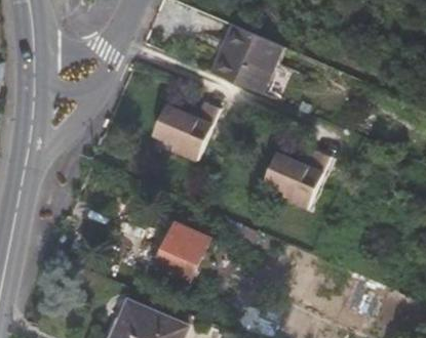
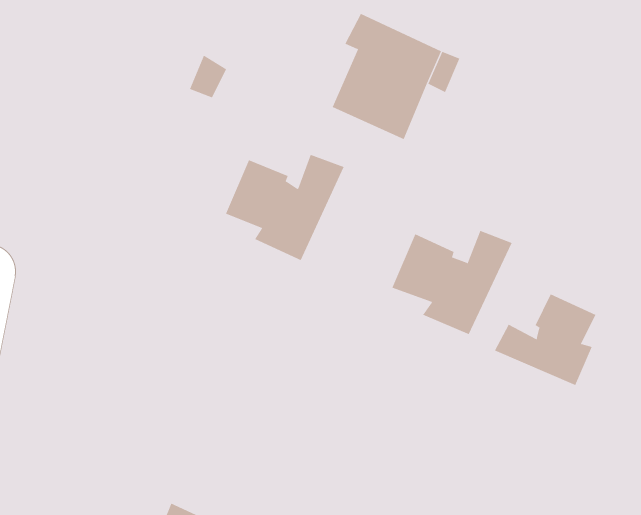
building: none -> [494,294,596,386]
building: [162,226,211,283] -> none

